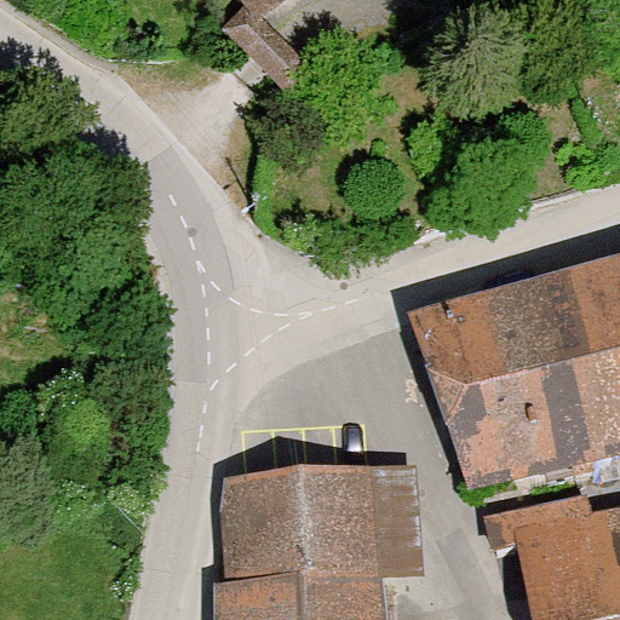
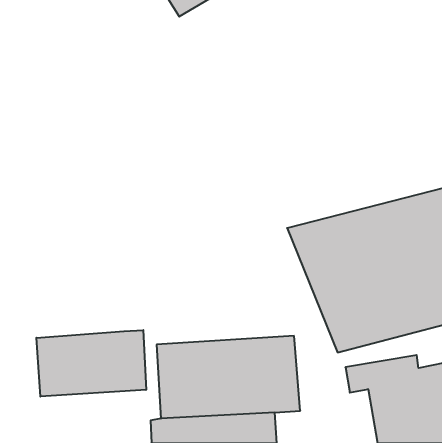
building: none -> [36,330,146,397]

